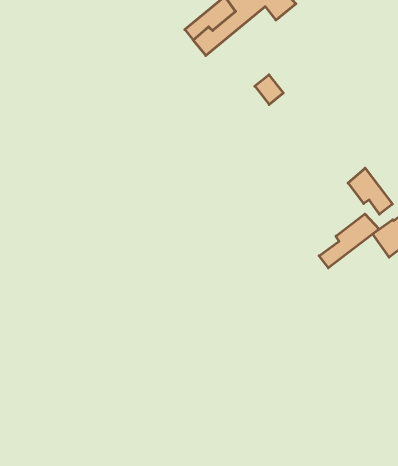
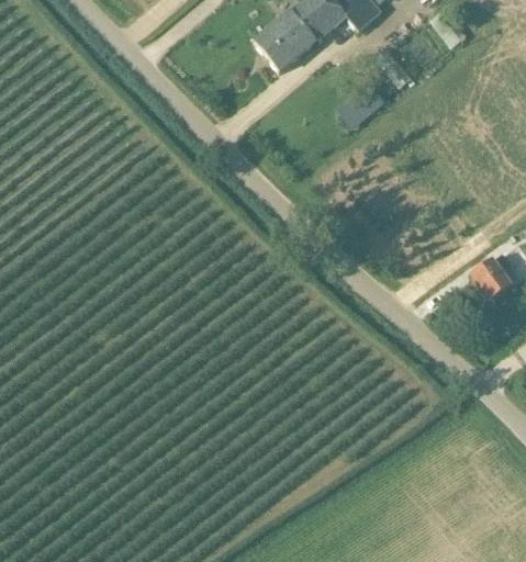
building: [348,168,392,214] -> none
building: [319,214,379,268] -> none

